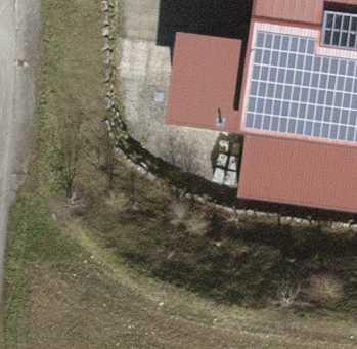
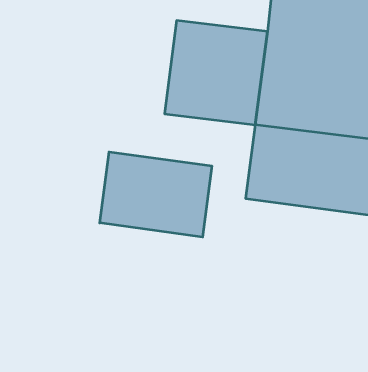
building: none -> [100,152,212,237]

